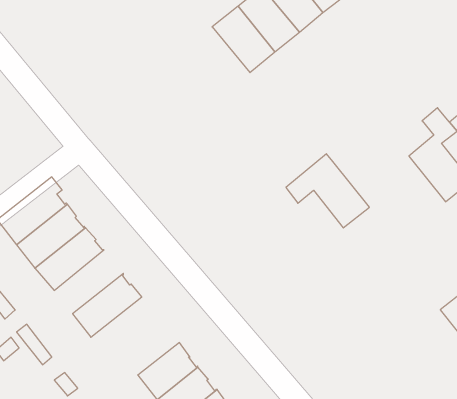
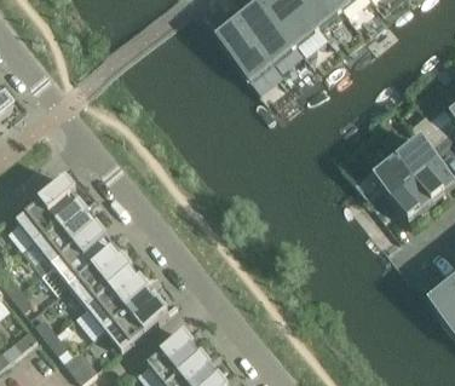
building: [286,154,369,228] -> [355,151,432,220]
building: none -> [69,246,133,305]
building: none -> [103,289,168,348]

